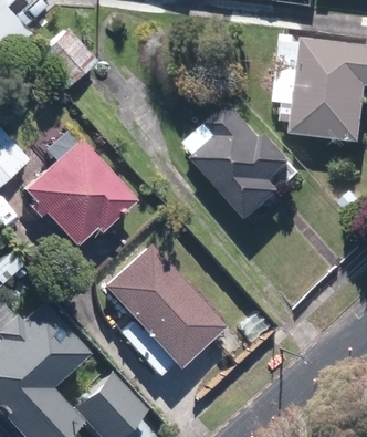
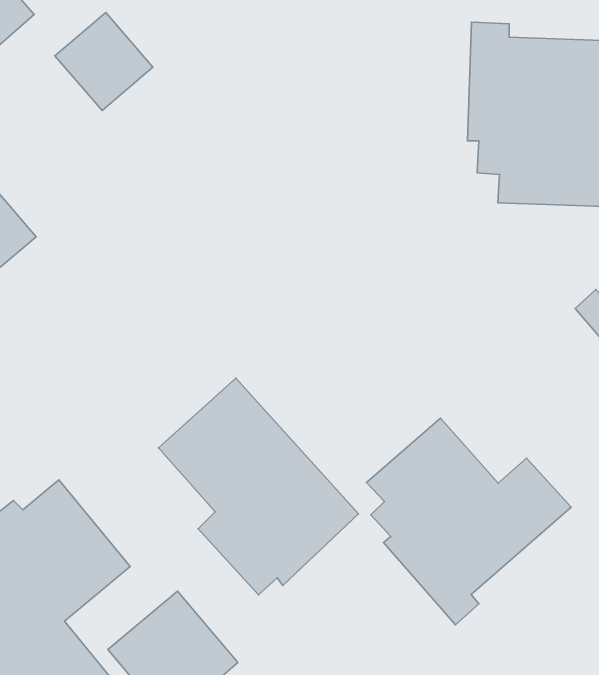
building: [191,110,303,222] -> none
building: [22,138,133,244] -> none
building: none -> [367,418,571,625]

